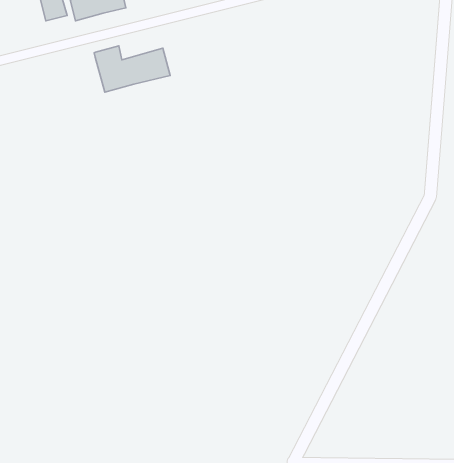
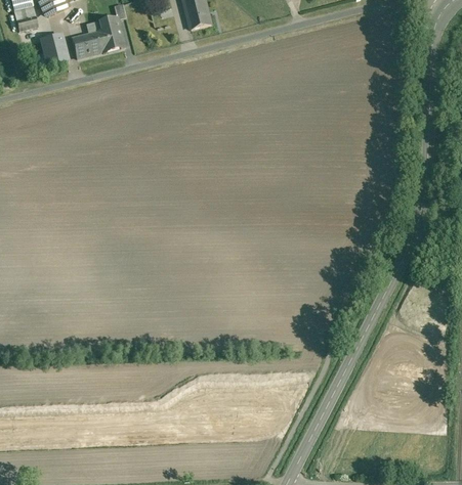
building: [94,46,170,92] -> none

